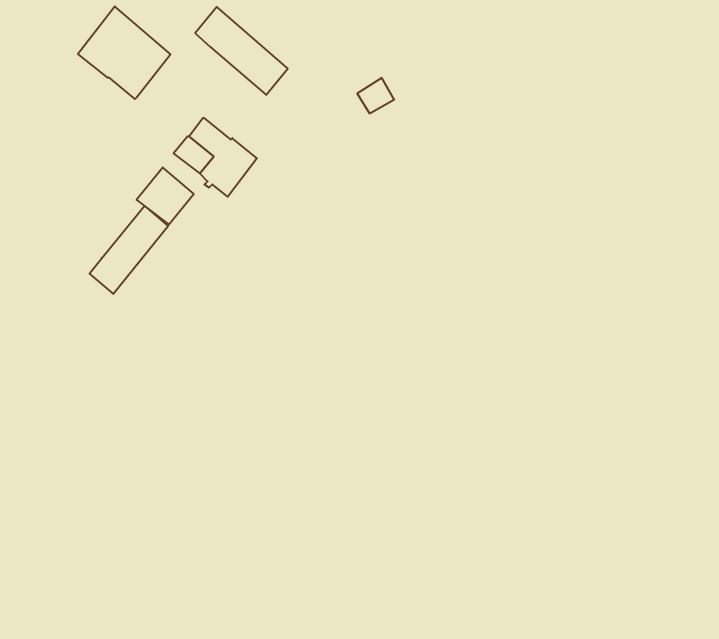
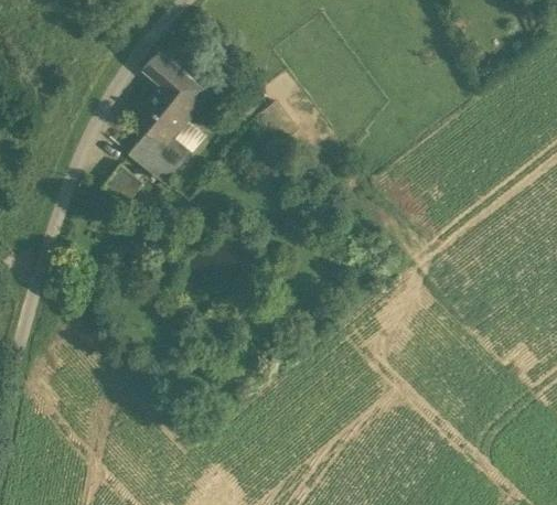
building: [78,6,170,99] -> [130,75,196,141]
building: [90,206,168,294] -> none

